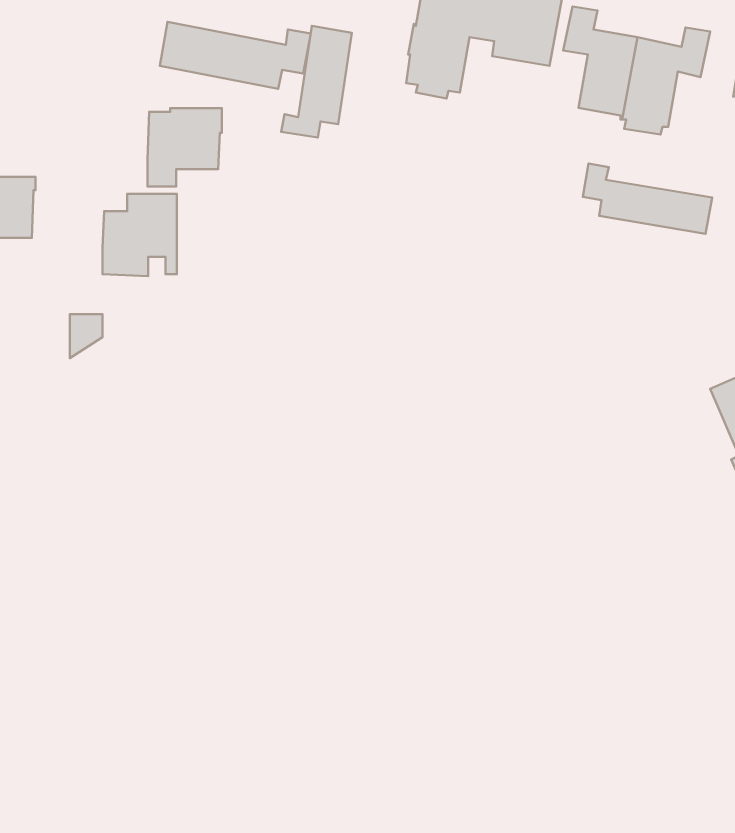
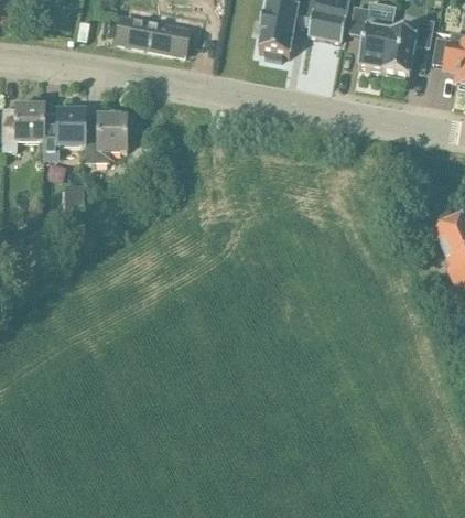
building: [281,26,352,138] -> none
building: [147,108,222,186] -> [43,108,86,153]
building: [583,163,712,234] -> none

